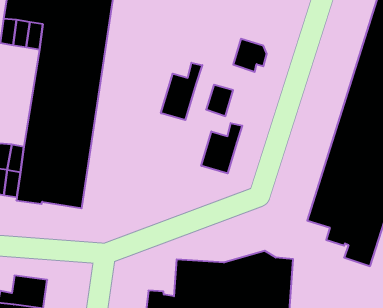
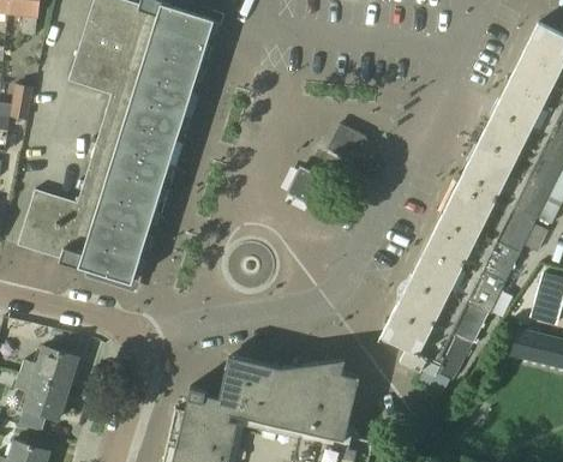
building: [161,63,202,120] -> none
building: [201,123,242,173] -> none

